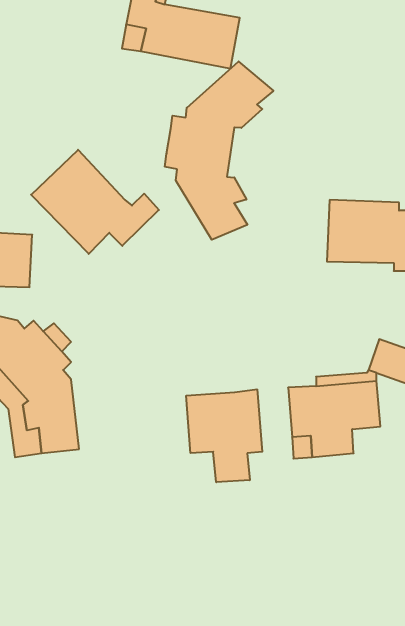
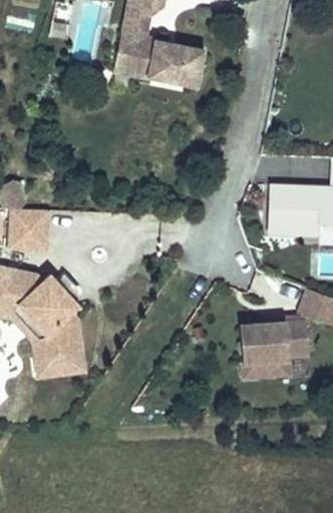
building: [165,61,273,240] -> none
building: [31,150,159,254] -> none
building: [186,389,262,482] -> none

